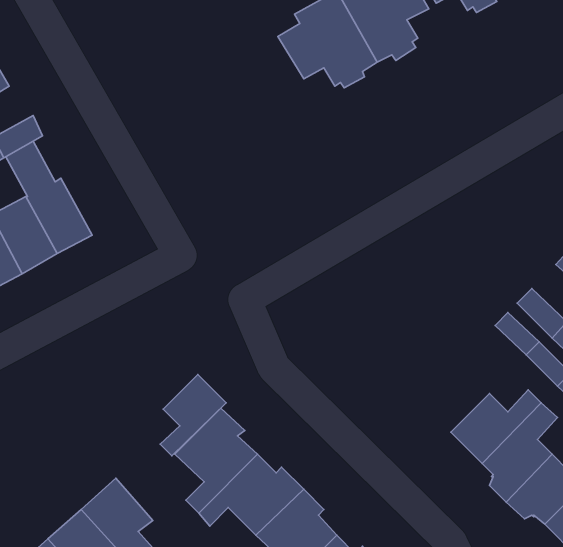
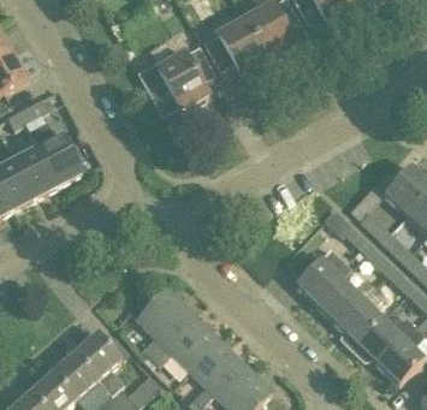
building: none -> [137,46,214,114]
building: none -> [295,256,340,302]
building: [160,375,226,456] -> none

